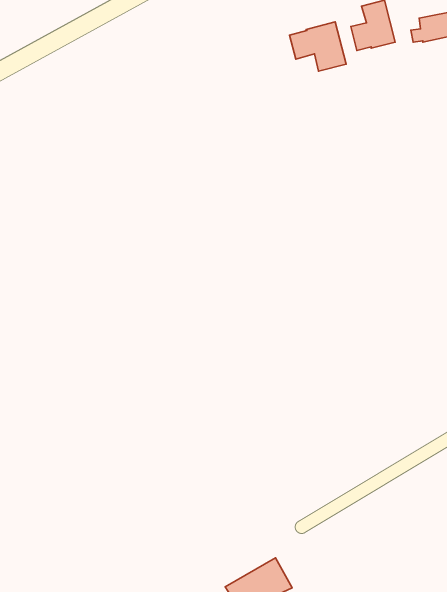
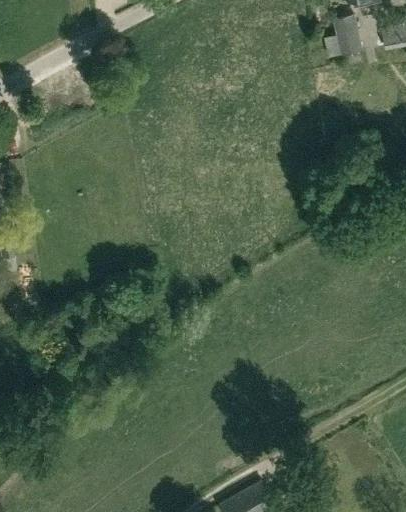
building: [289,22,346,71] -> none

